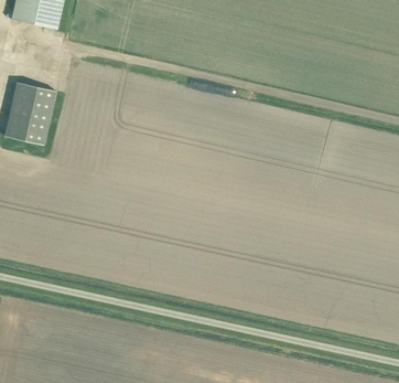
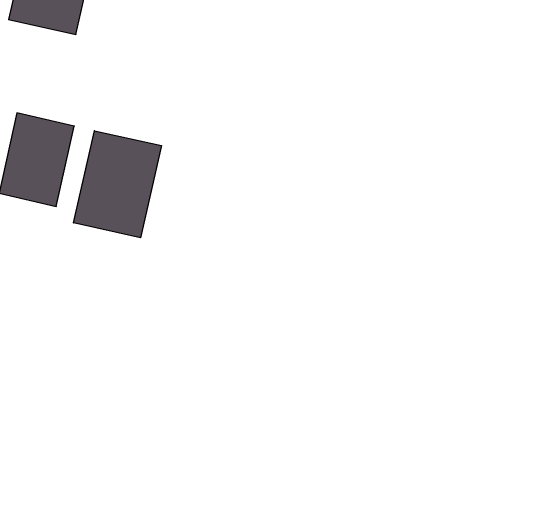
building: none -> [74,131,161,238]

